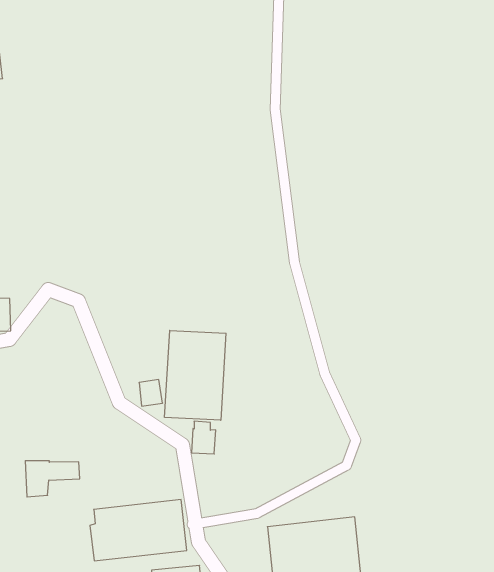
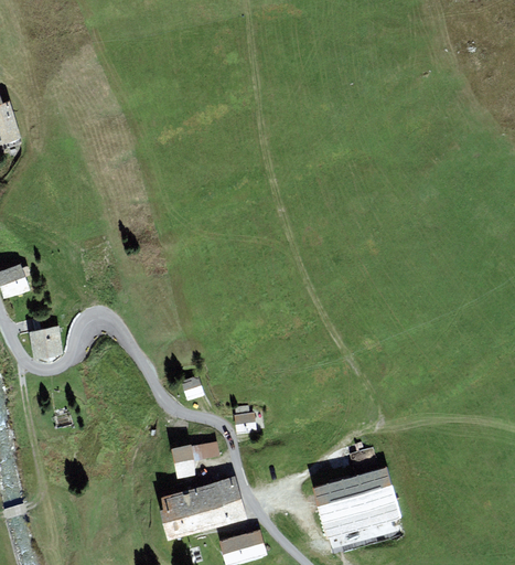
building: [165,330,226,420] -> none
building: [25,461,80,497] -> [170,441,219,479]

